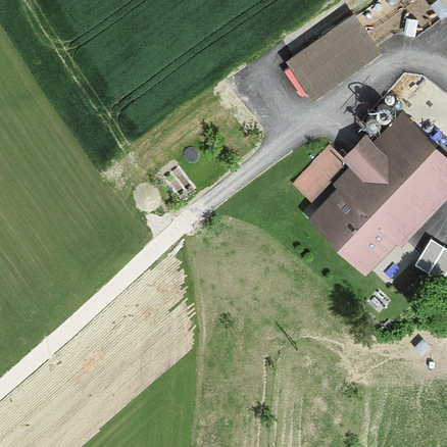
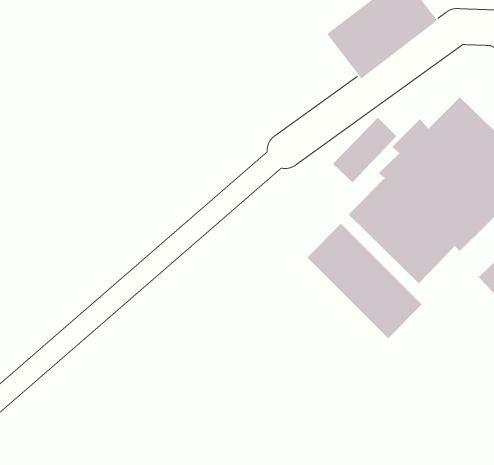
building: none -> [306,223,422,339]

